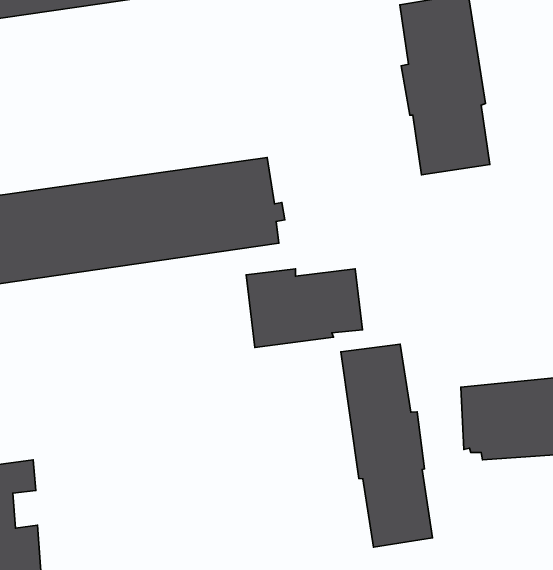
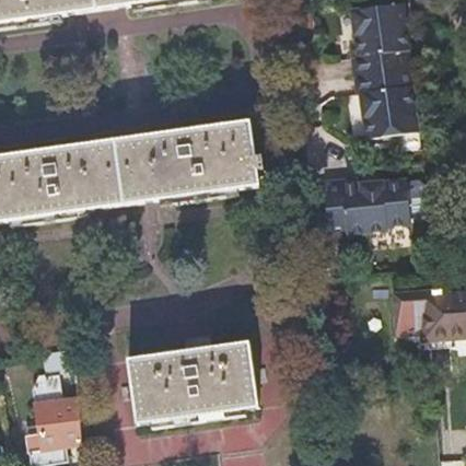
building: [246,269,363,347] -> [322,176,409,235]
building: [341,344,433,547] -> none
building: none -> [127,342,256,424]

